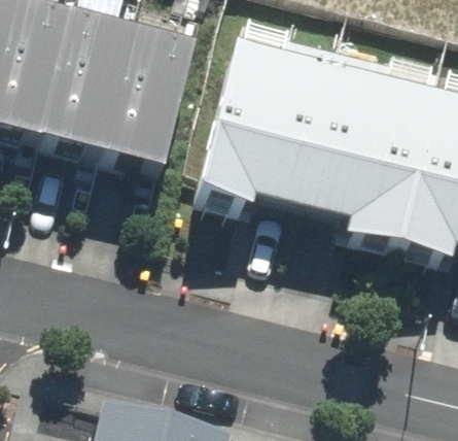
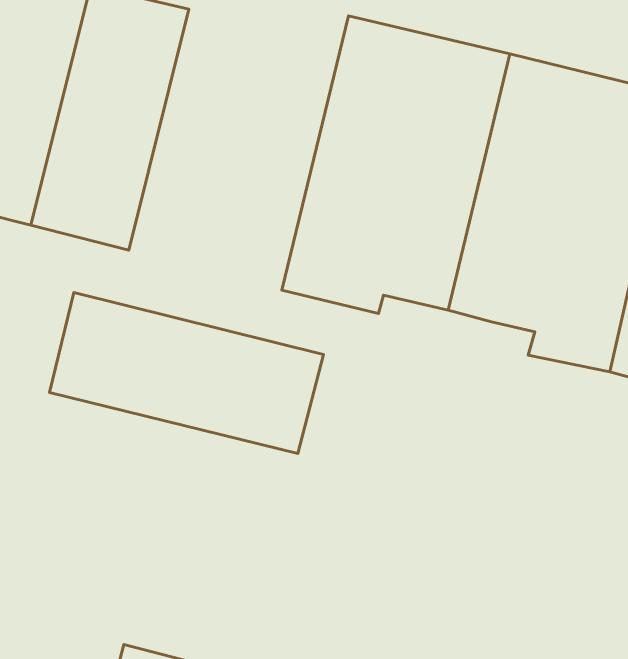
building: [103,22,201,186] -> none
building: none -> [50,292,323,454]

